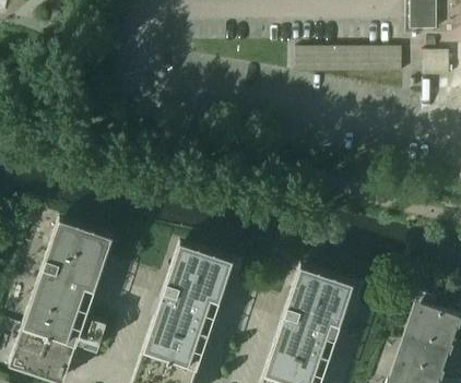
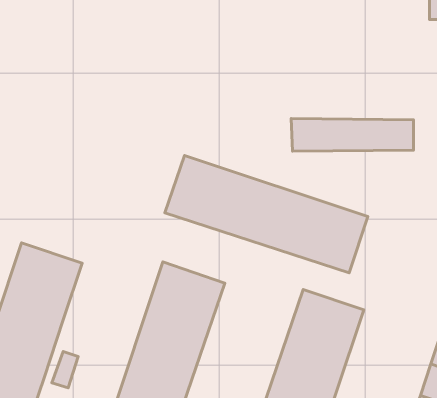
building: [295,45,401,73] -> [291,118,414,151]
building: none -> [165,156,368,273]

